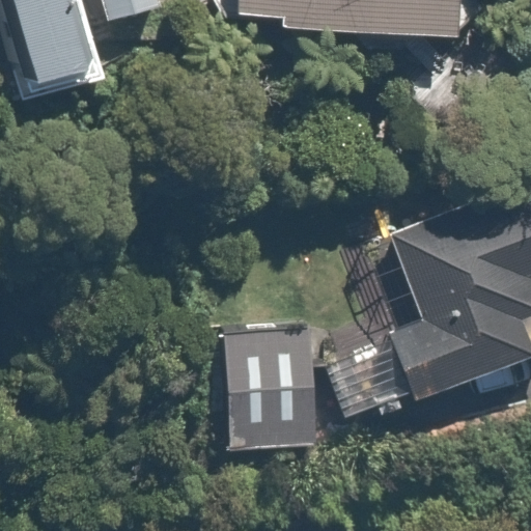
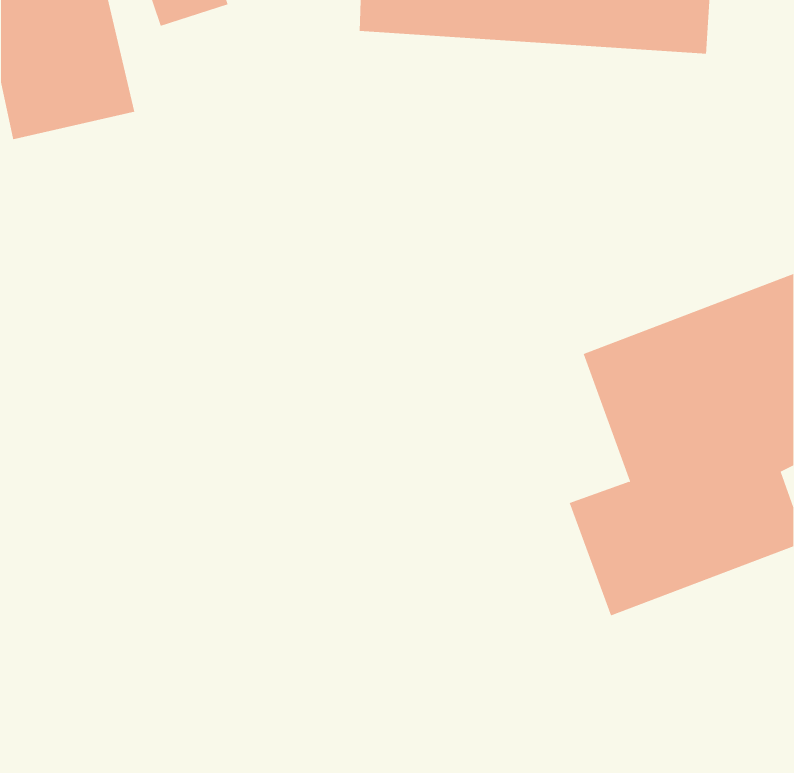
building: [230,328,317,456] -> none

